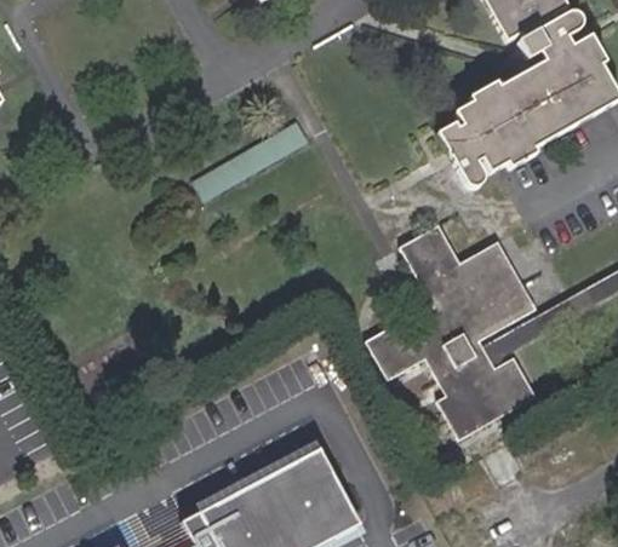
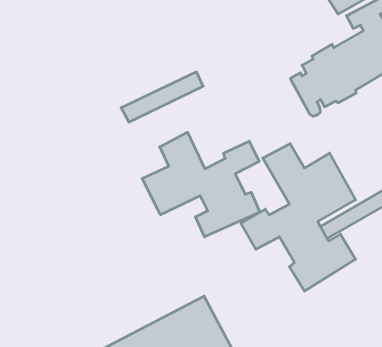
building: none -> [142,132,260,237]

